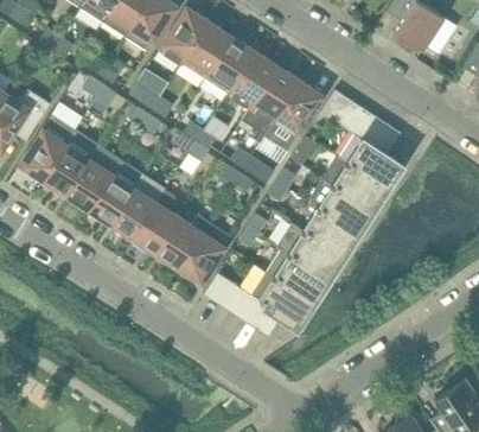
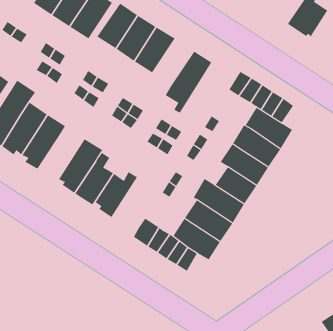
building: [226,50,277,108] -> none
building: [264,80,324,151] -> none
building: [85,158,142,223] -> none
building: [177,221,231,281] -> none

